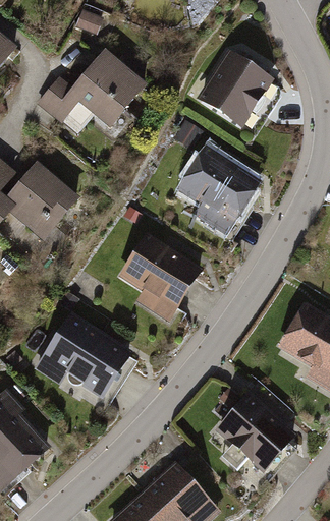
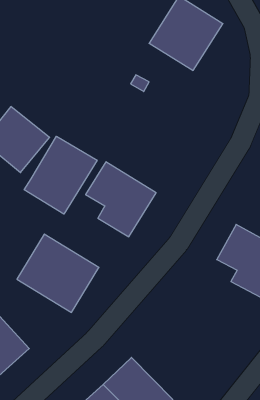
building: [35,53,146,141] -> none
building: [174,151,261,234] -> none
building: none -> [24,136,97,214]
building: [204,387,297,478] -> none

